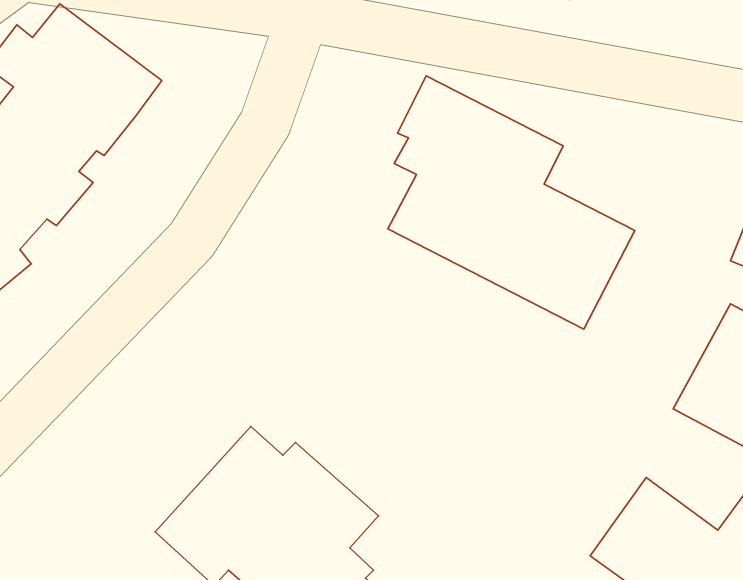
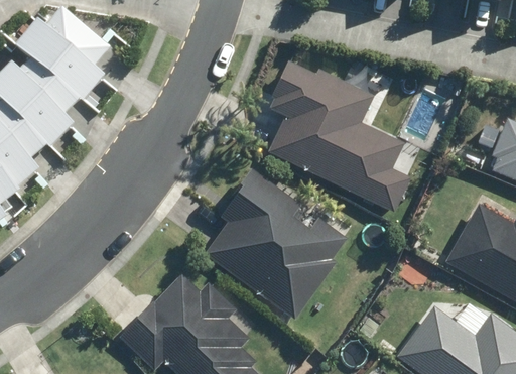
building: none -> [203,167,350,318]

